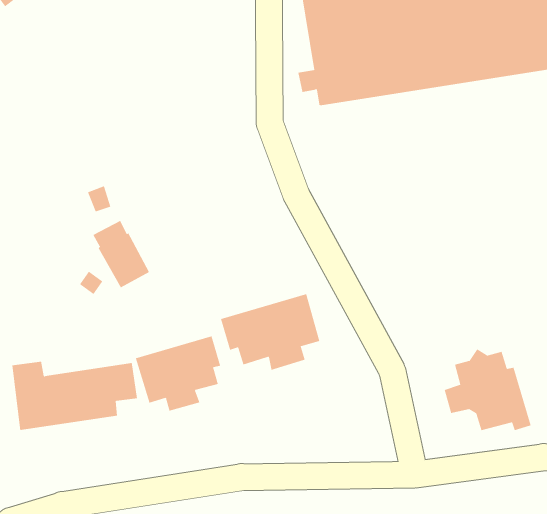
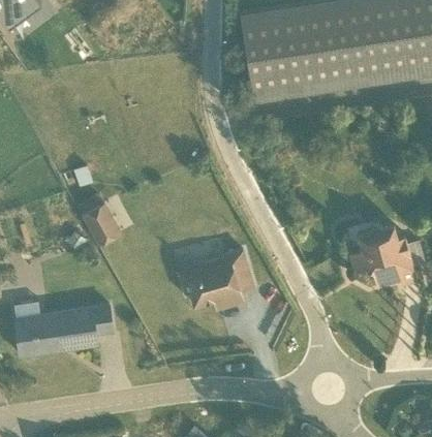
building: [135,335,221,411] -> none
building: [444,348,532,431] -> [348,223,416,287]

